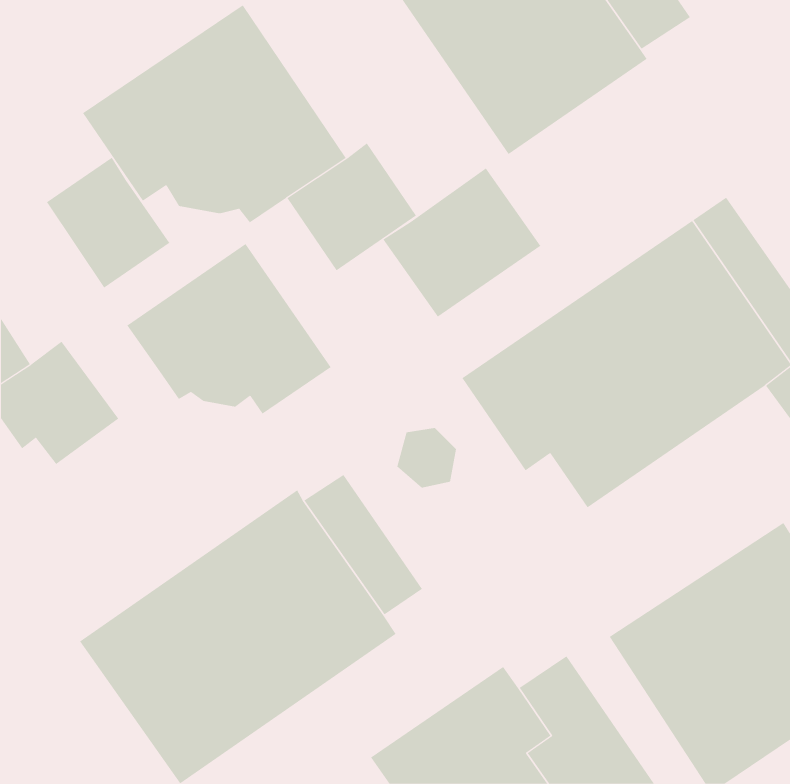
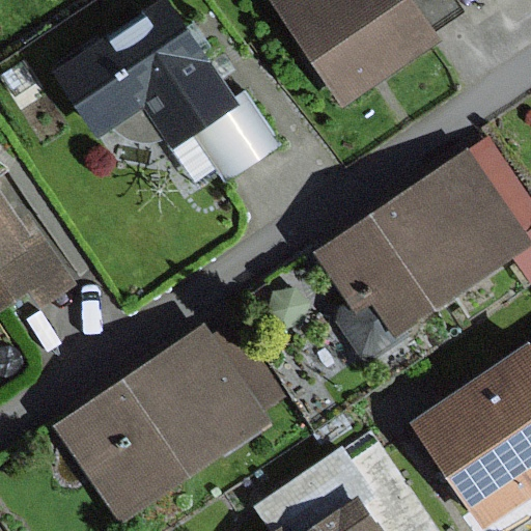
building: [46,157,170,288] -> none
building: [383,167,541,318] -> none
building: [127,243,332,414] -> none

